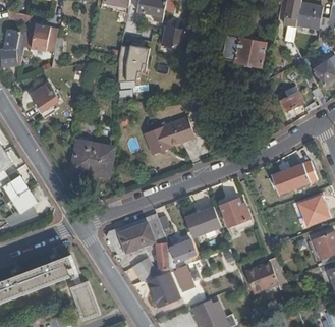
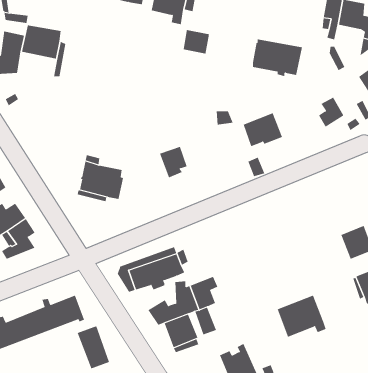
building: [118,43,151,80] -> none
building: [29,83,58,115] -> none
building: [161,117,196,147] -> [243,113,283,147]
building: [272,161,317,195] -> none
building: [219,200,249,228] -> none
building: [184,207,221,238] -> none

